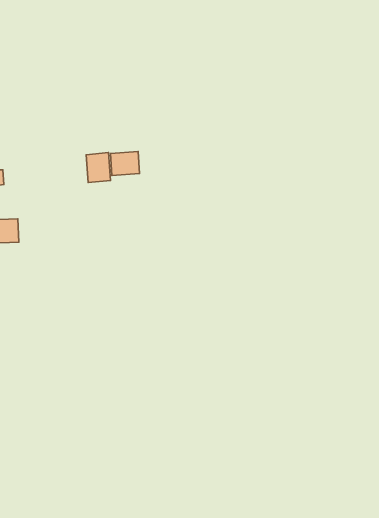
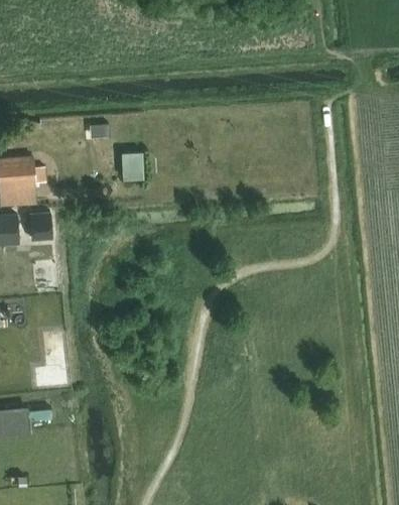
building: [111,152,140,176] -> none

